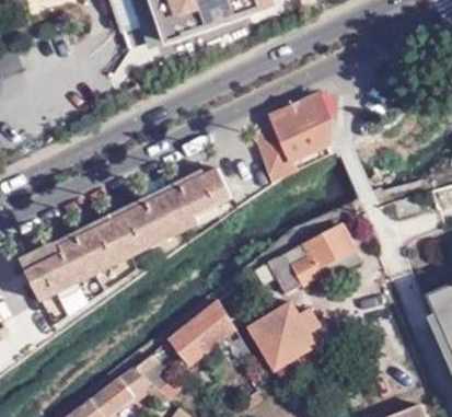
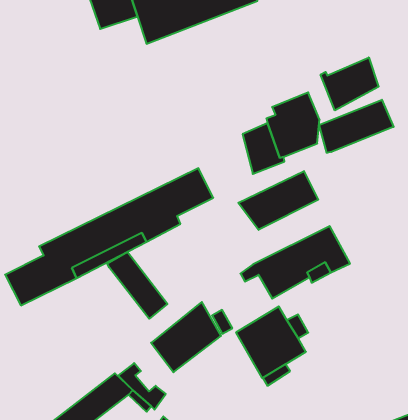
building: none -> [321,57,379,110]
building: none -> [319,100,394,153]
building: none -> [238,171,318,230]
building: none -> [107,252,167,319]

